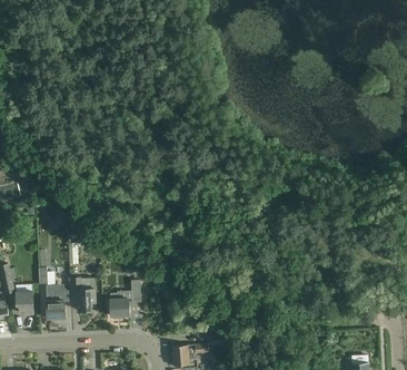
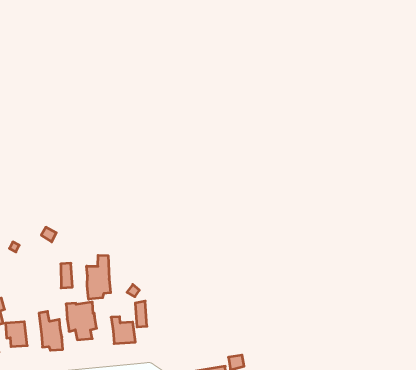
building: none -> [87,255,111,299]

